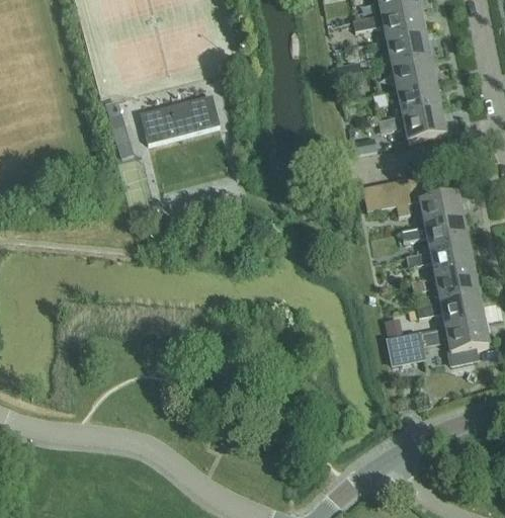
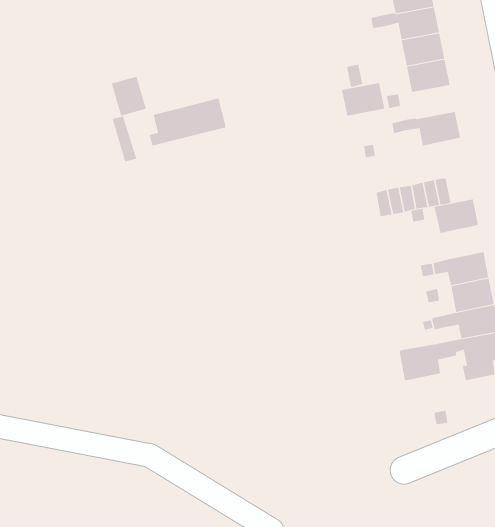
building: none -> [111,76,147,117]
building: [398,83,440,115] -> [341,83,385,116]
building: [401,218,468,251] -> none

